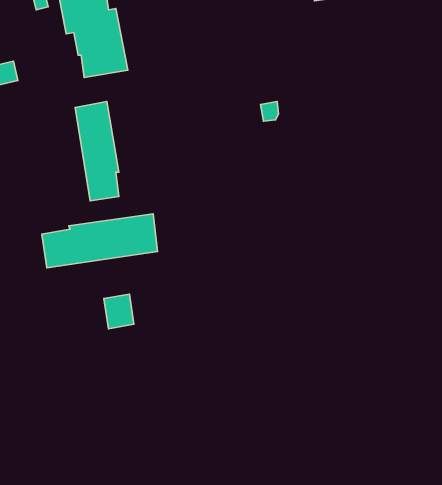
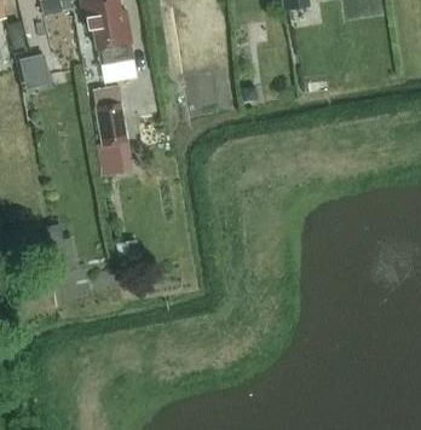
building: [42,214,158,268] -> none

